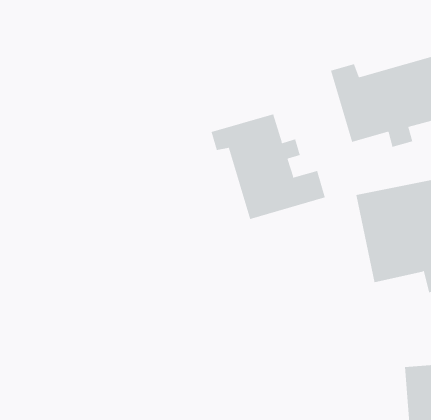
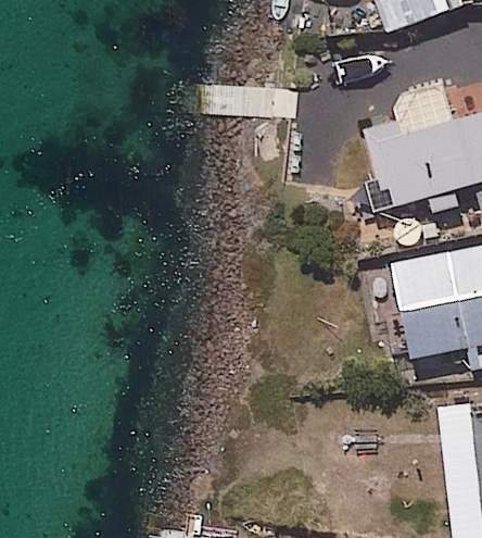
building: [211,113,326,220] -> none

